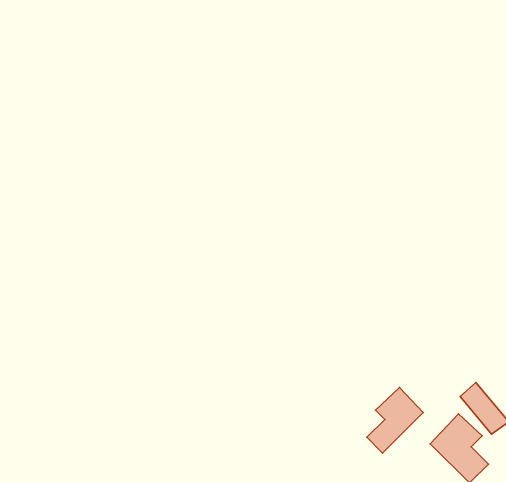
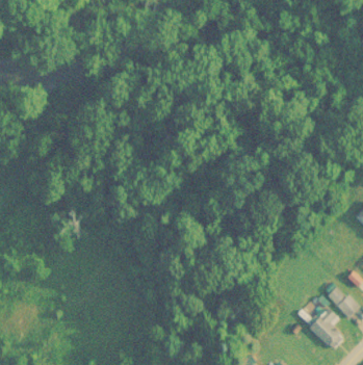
building: [367,387,423,453] -> none

